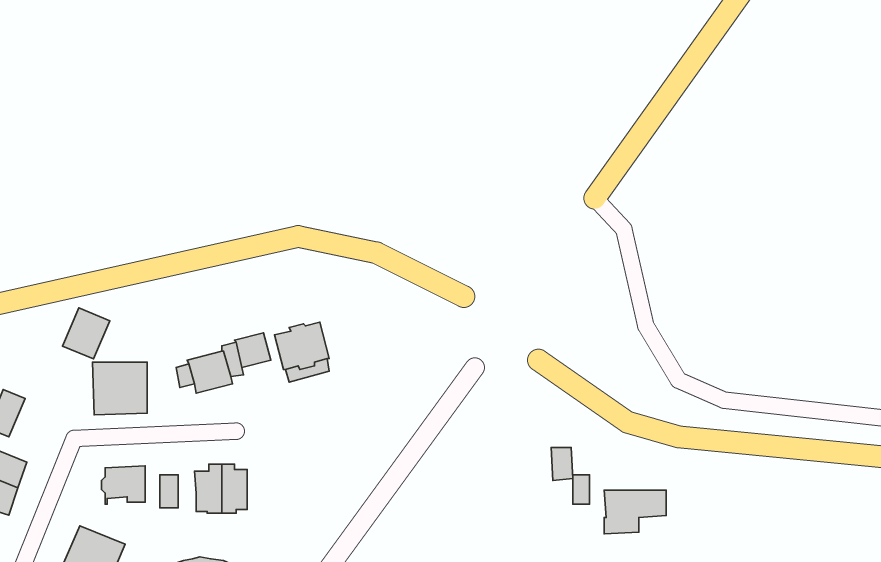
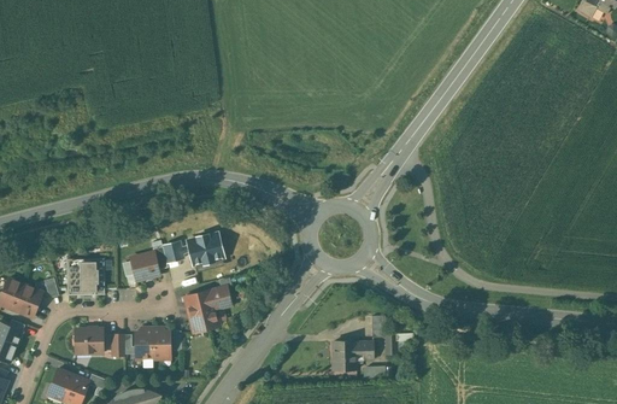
building: [62,308,110,359] -> [12,283,43,317]
building: none -> [184,286,231,333]
building: [604,490,666,534] -> [333,341,374,370]

